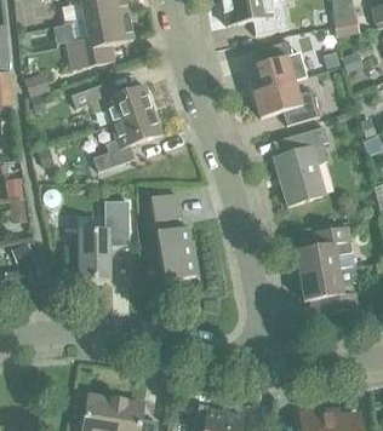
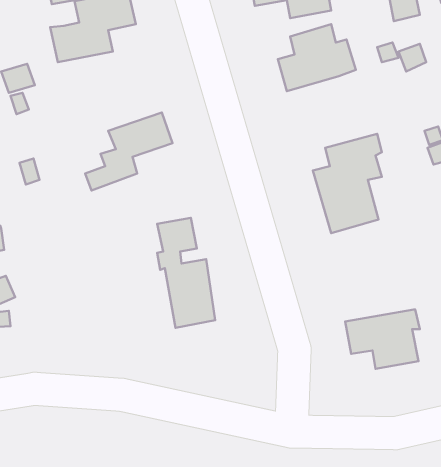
building: [252,80,319,125] -> none
building: [70,81,153,123] -> none
building: [63,200,128,278] -> none
building: [295,225,353,275] -> none

